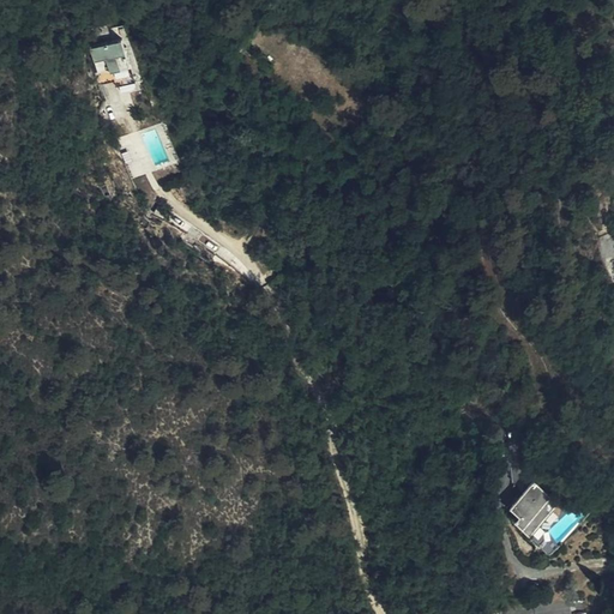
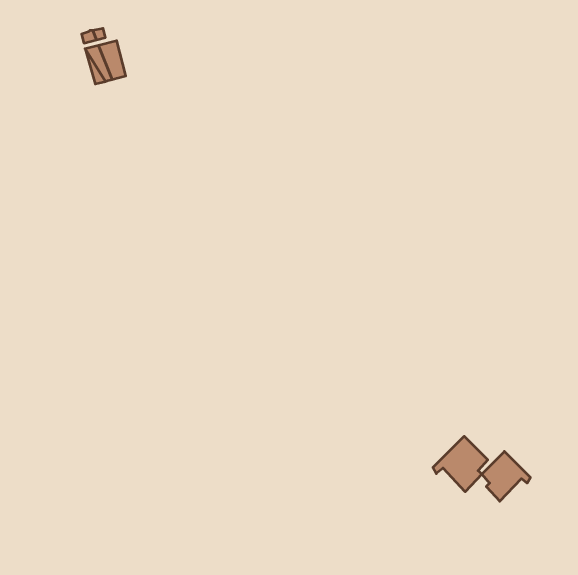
building: none -> [433,436,488,492]

